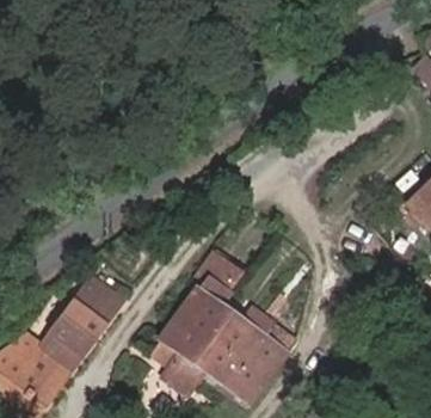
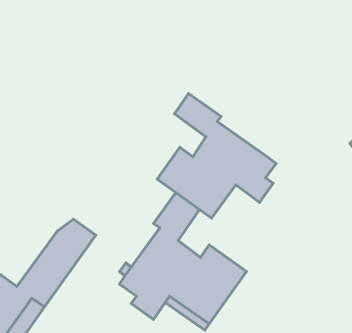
building: none -> [157,93,276,218]

